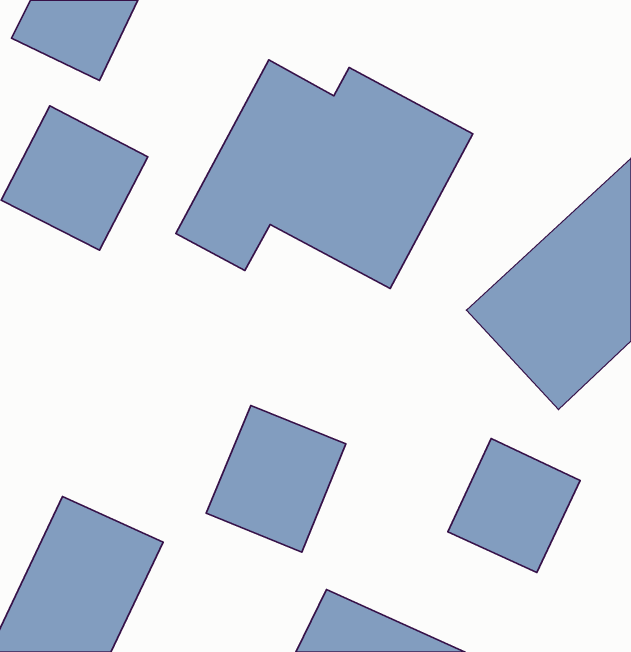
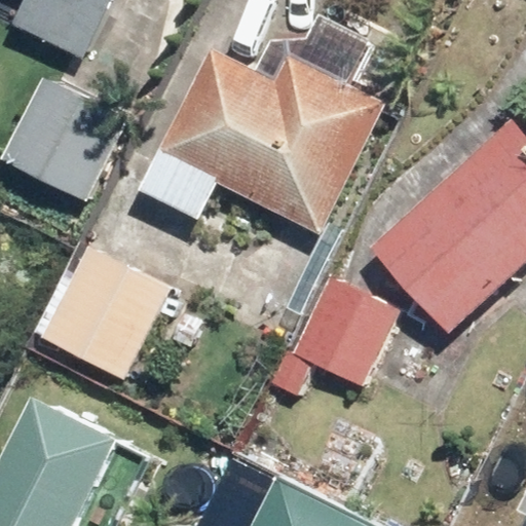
building: none -> [41,246,163,375]
building: [206,406,346,552] -> none
building: [448,439,580,573] -> [289,277,396,385]

